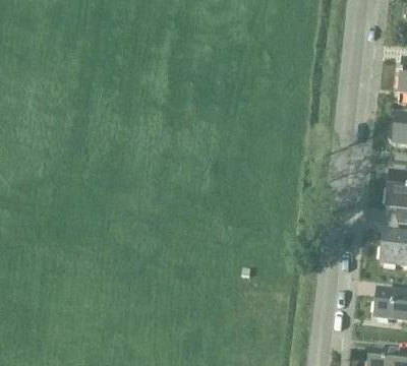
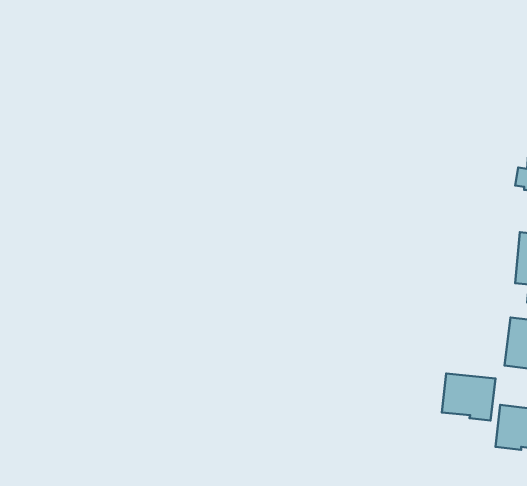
building: none -> [442,373,496,420]

